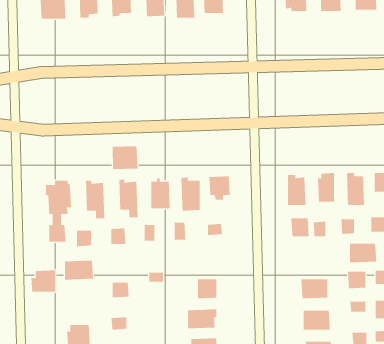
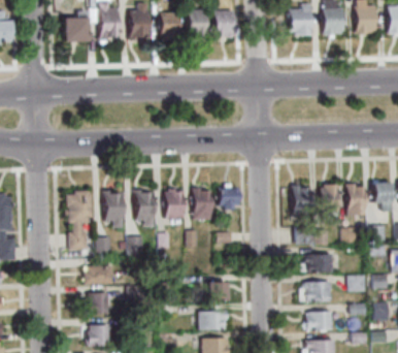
building: [112,145,138,170] -> none
building: [349,243,377,263] -> [307,255,333,274]
building: [31,270,56,292] -> [86,292,109,313]

